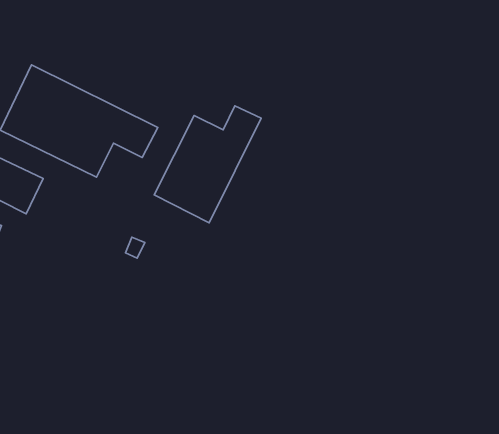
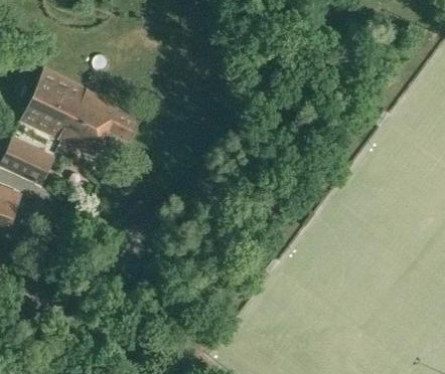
building: [154,106,261,223] -> none

